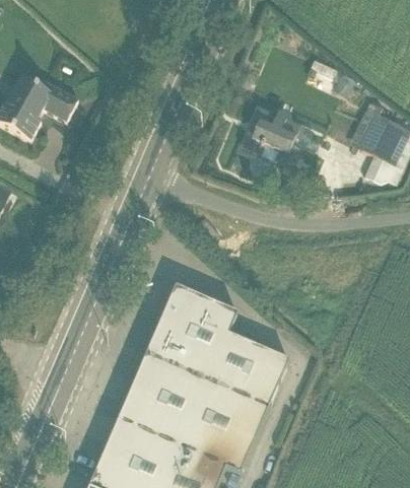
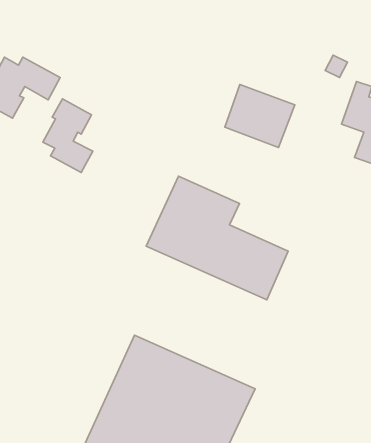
building: none -> [43,99,93,172]
building: [145,285,287,409] -> [146,176,288,300]

